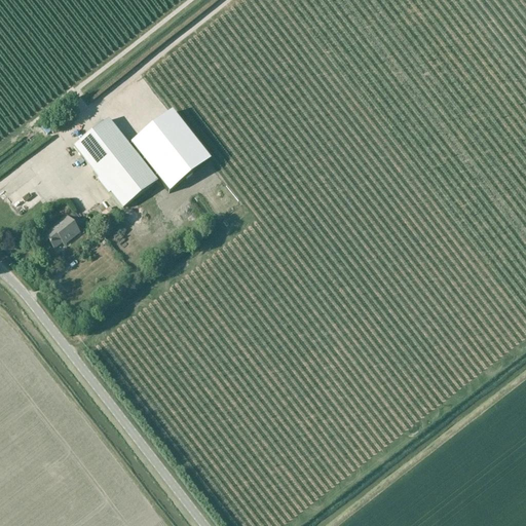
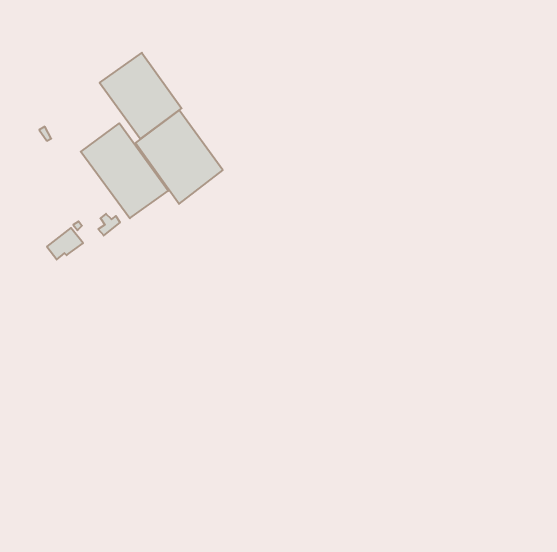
building: none -> [100,53,182,139]

